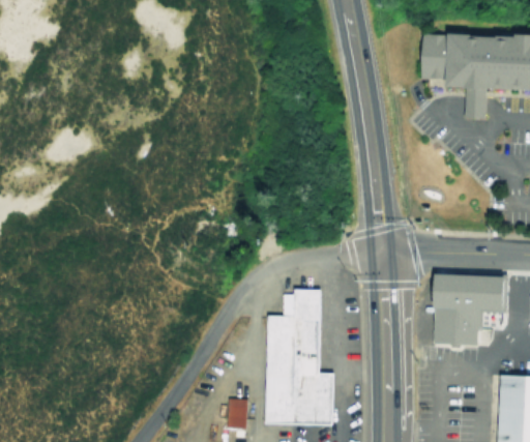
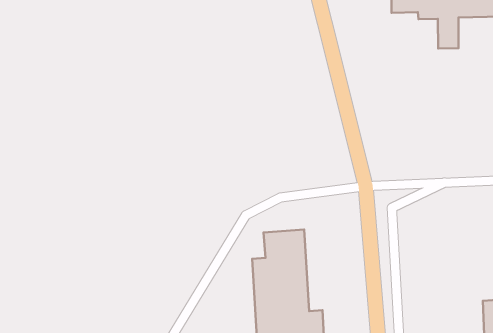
building: [429,274,504,348] -> none

